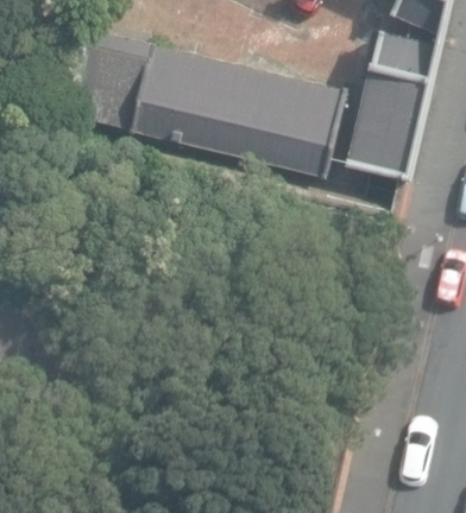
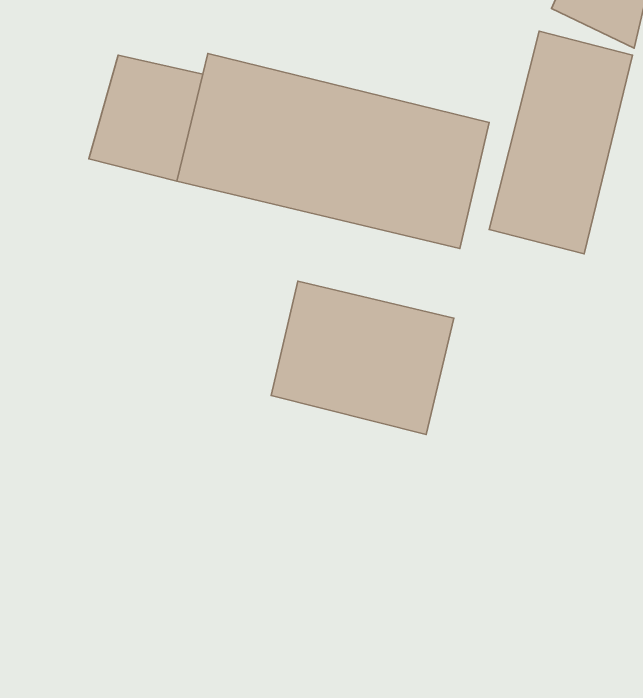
building: none -> [271,281,454,435]

